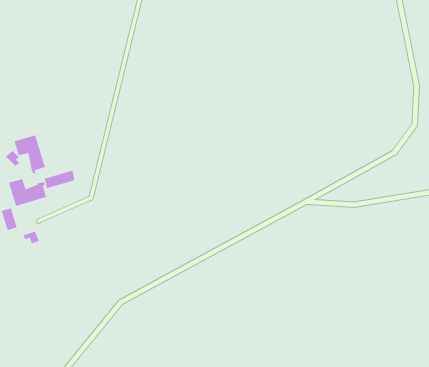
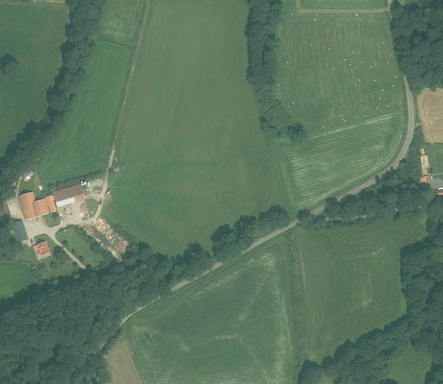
building: [14,135,45,174] -> none

